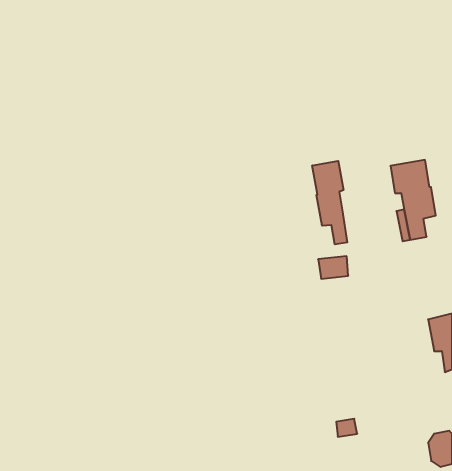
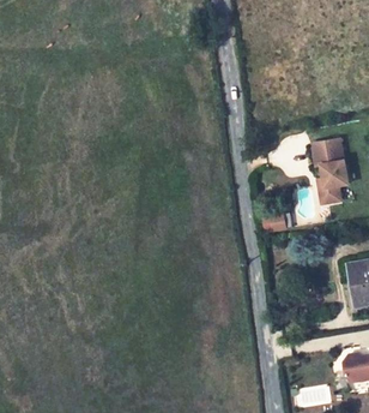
building: [312,161,347,244] -> none

